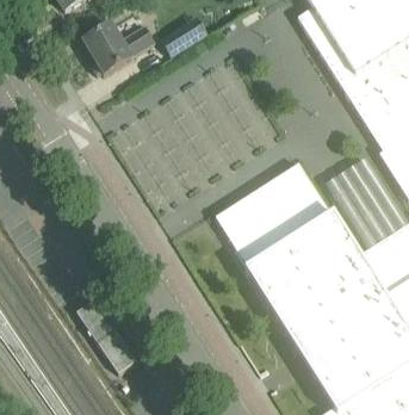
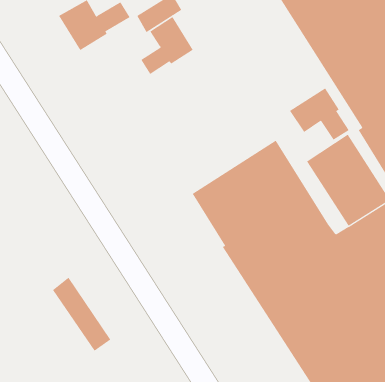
building: none -> [141,16,194,75]
building: none -> [289,88,350,141]

